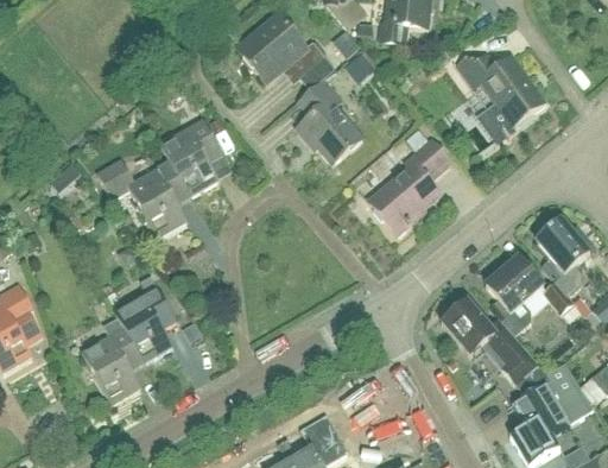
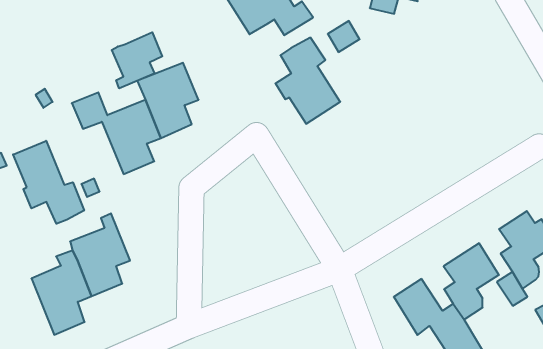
building: [454,51,543,135] -> none
building: none -> [112,32,162,88]
building: [367,128,450,233] -> none
building: none -> [13,141,84,224]

